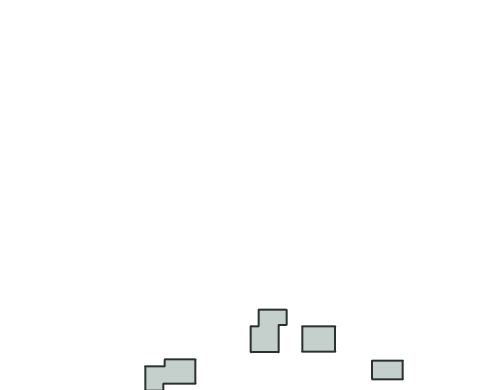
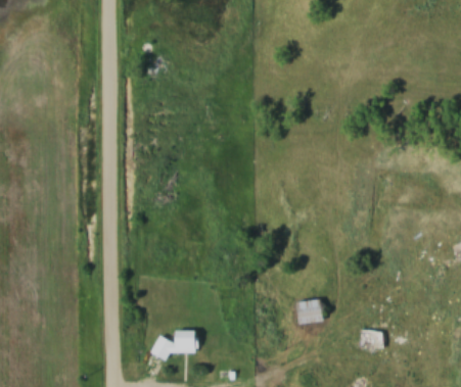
building: [251,310,286,352] -> none

